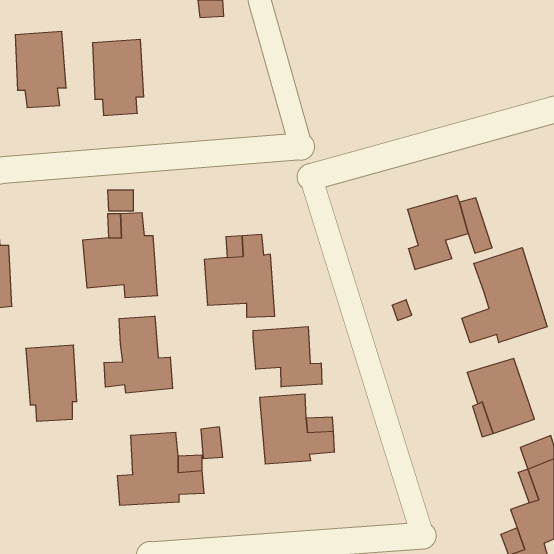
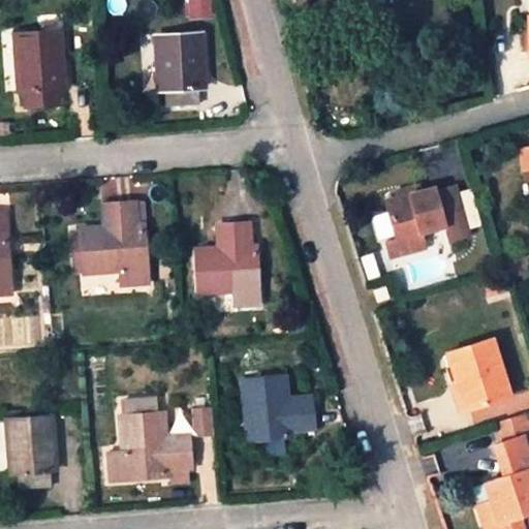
building: [93,39,144,115] -> [156,32,205,104]
building: [462,248,547,343] -> none
building: [104,316,172,393] -> none
building: [253,327,322,387] -> none
building: [26,345,77,421] -> [6,416,55,489]

